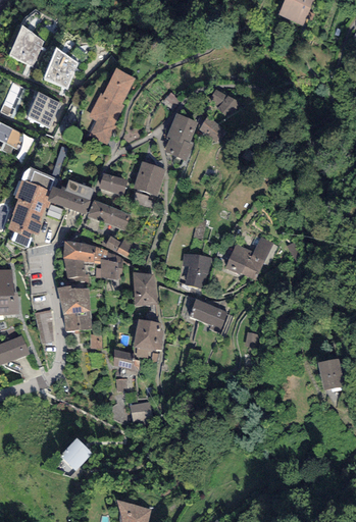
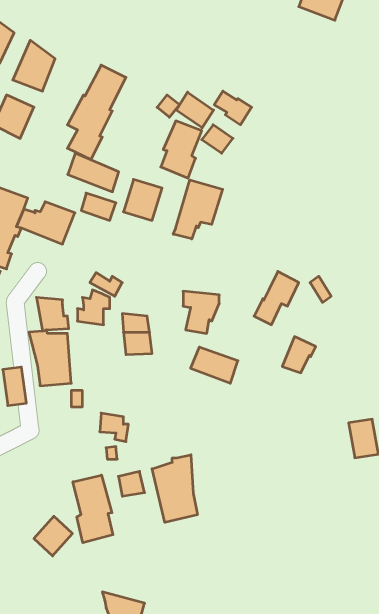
building: none -> [176,92,214,128]
building: none -> [173,180,223,239]
building: [88,199,130,230] -> [68,153,119,192]
building: [62,241,108,265] -> none
building: [225,244,253,273] -> [282,337,316,373]
building: [136,324,162,351] -> none
building: none -> [152,455,197,522]
building: none -> [73,475,113,543]

